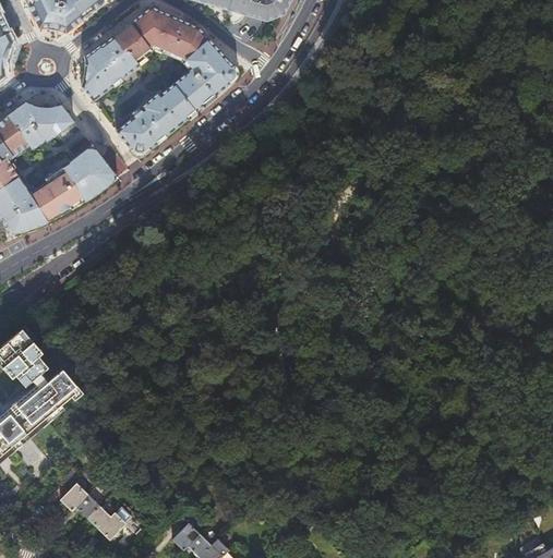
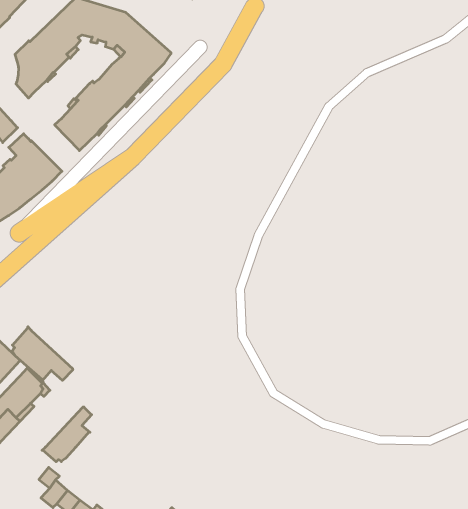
building: none -> [12,327,73,381]
building: none -> [42,407,92,462]

